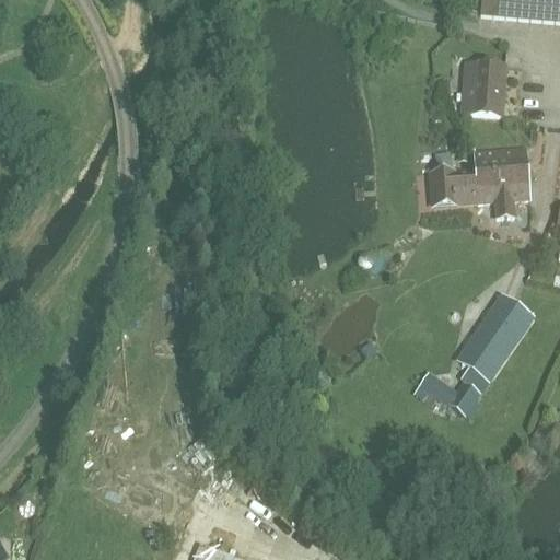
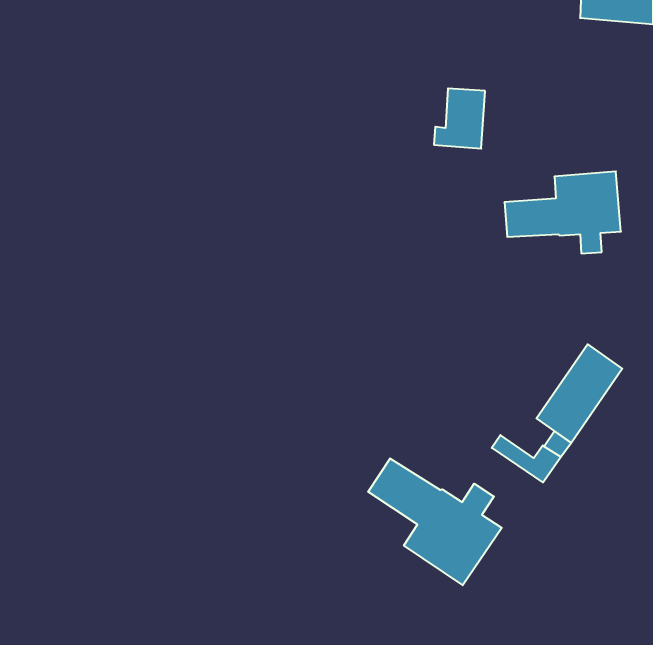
building: [462,63,505,115] -> [434,88,485,149]
building: none -> [368,458,502,585]

